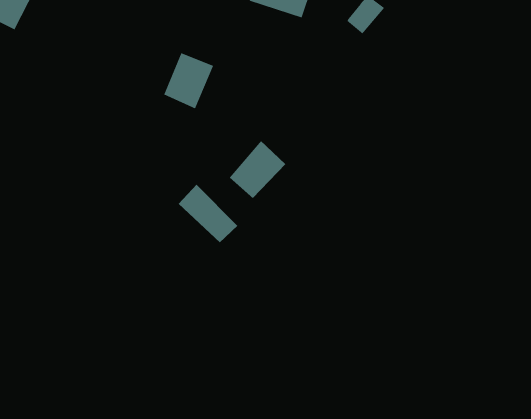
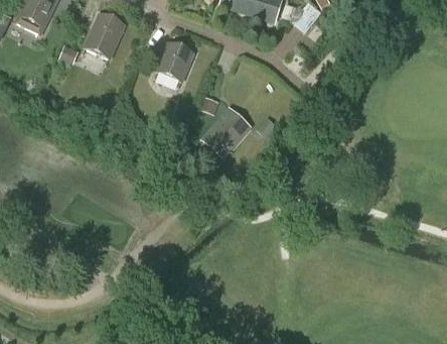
building: none -> [87,13,125,56]
building: [178,184,238,243] -> none

